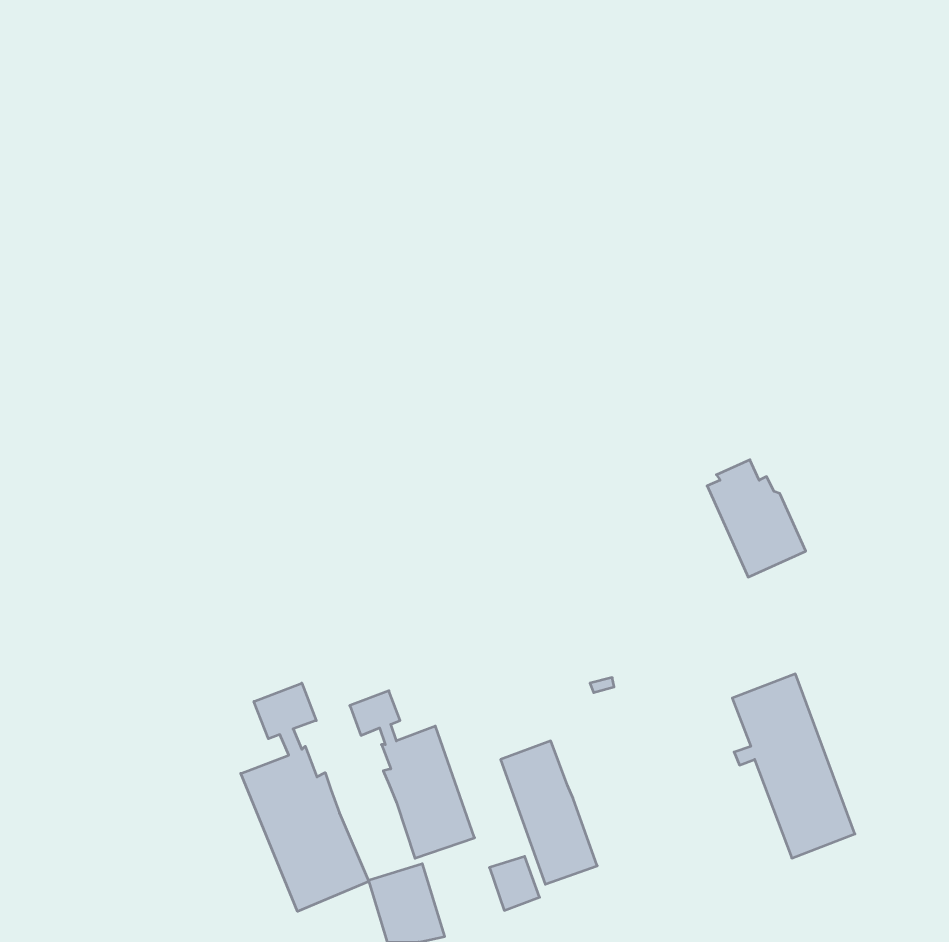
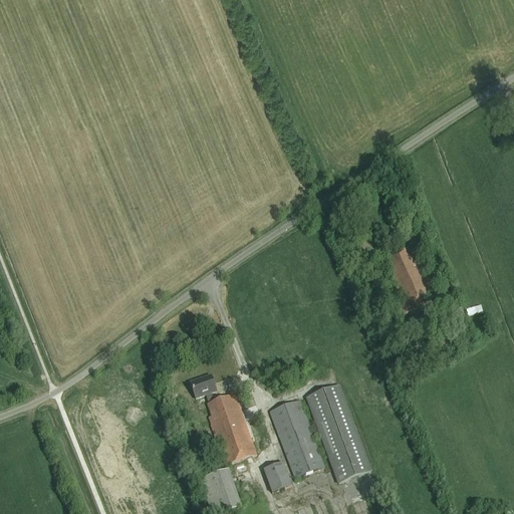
building: [732,674,855,858] -> [305,381,371,481]
building: [241,683,369,911] -> none

